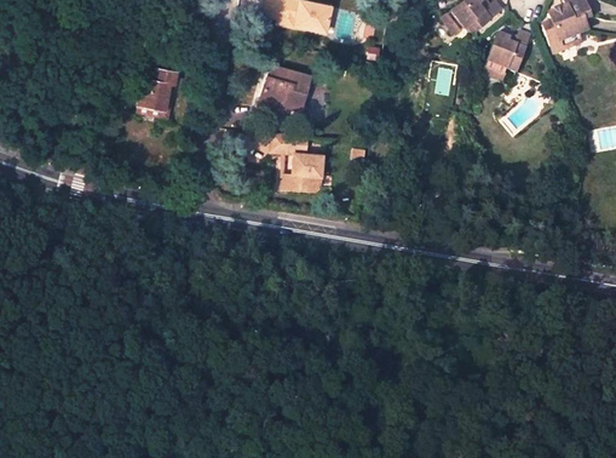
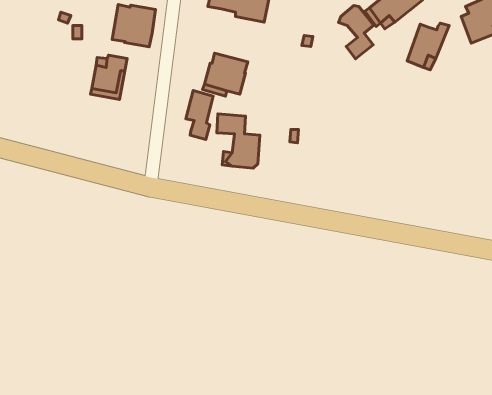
building: none -> [112,5,155,47]
building: none -> [339,5,374,59]
building: none -> [186,91,213,139]

